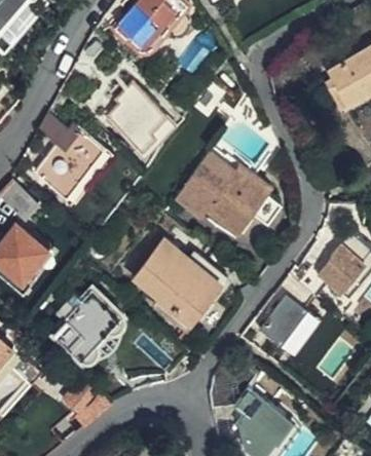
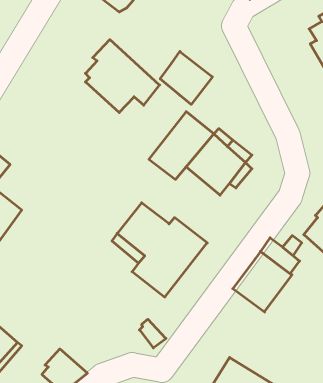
building: none -> [160,51,212,104]
building: [35,116,106,200] -> none
building: [49,289,122,365] -> none

